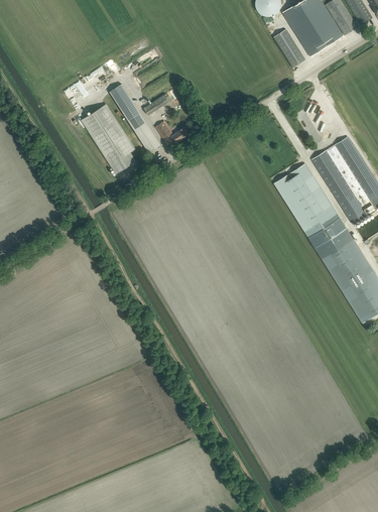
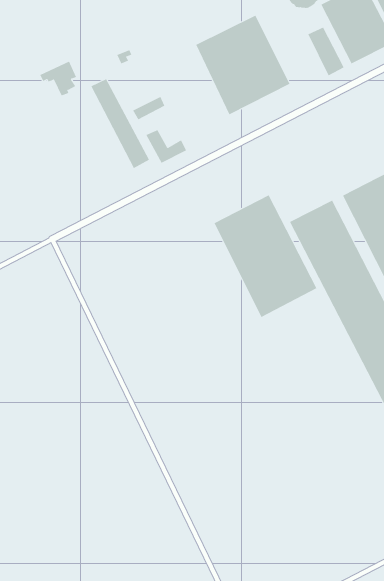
building: none -> [195,15,290,115]
building: [81,103,136,173] -> none
building: none -> [214,195,317,318]

